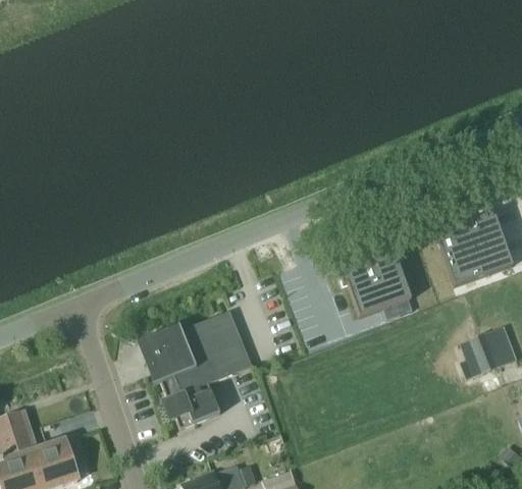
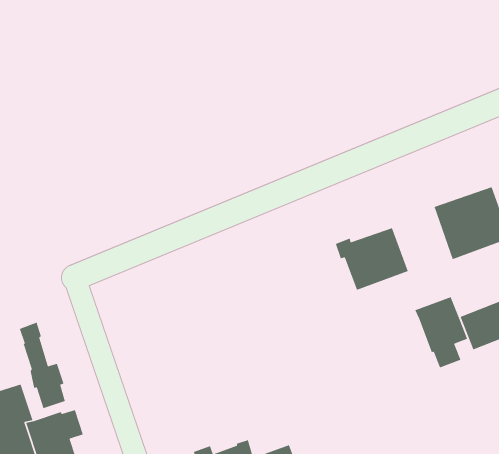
building: [138,310,253,429] -> none
building: none -> [414,296,468,369]
building: none -> [19,322,66,409]

